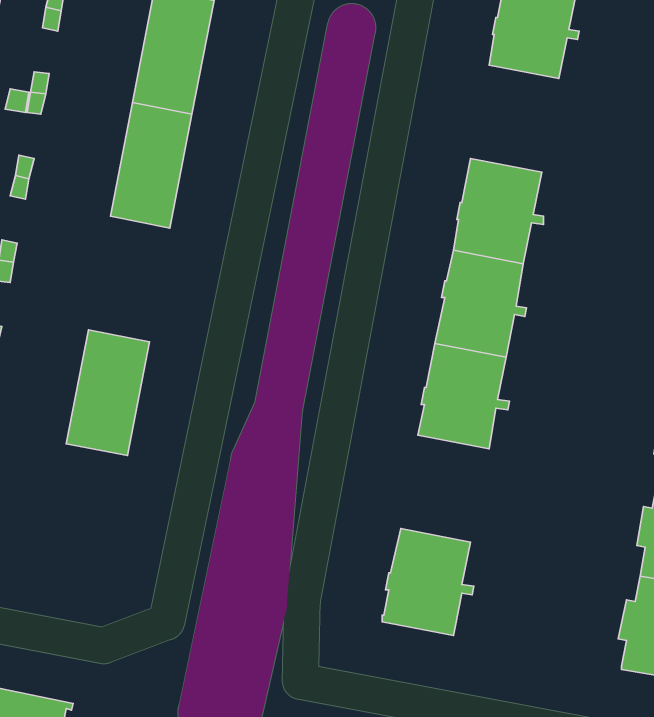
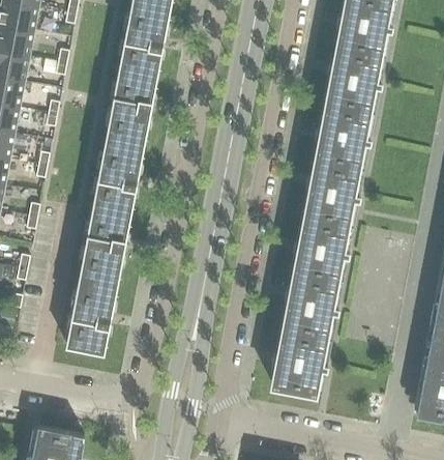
building: none -> [326,45,382,110]
building: none -> [93,137,143,213]
building: none -> [284,270,338,336]
building: none -> [66,276,117,352]

